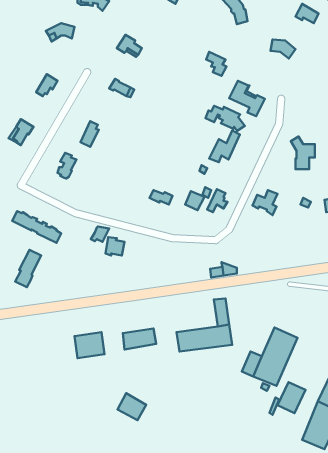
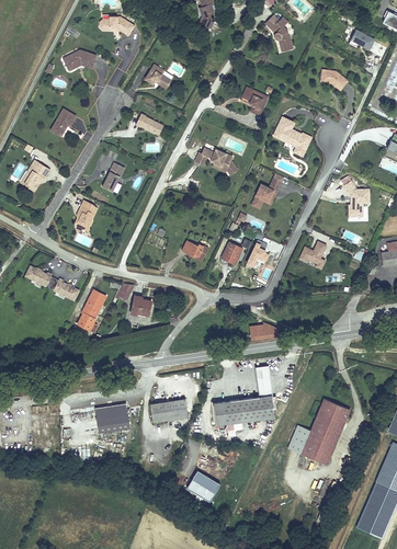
building: [206,106,245,131] -> [194,147,239,175]
building: [15,250,41,287] -> [77,288,106,331]
building: [278,382,306,413] -> none
building: [117,393,146,420] -> [186,470,219,501]

